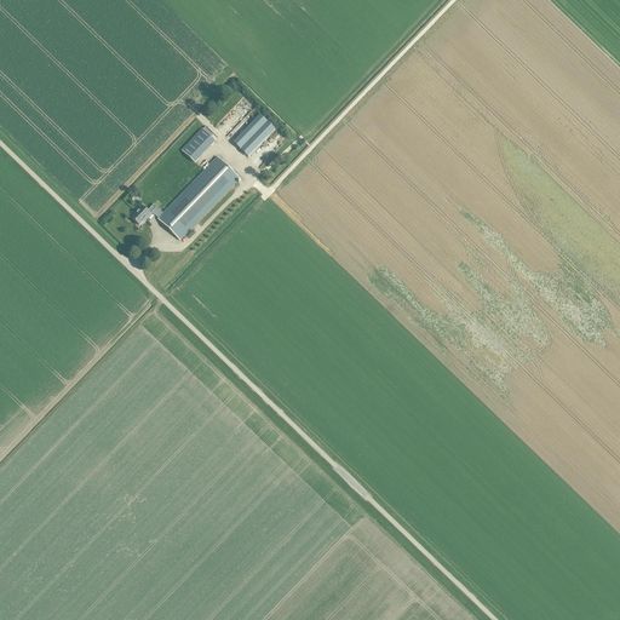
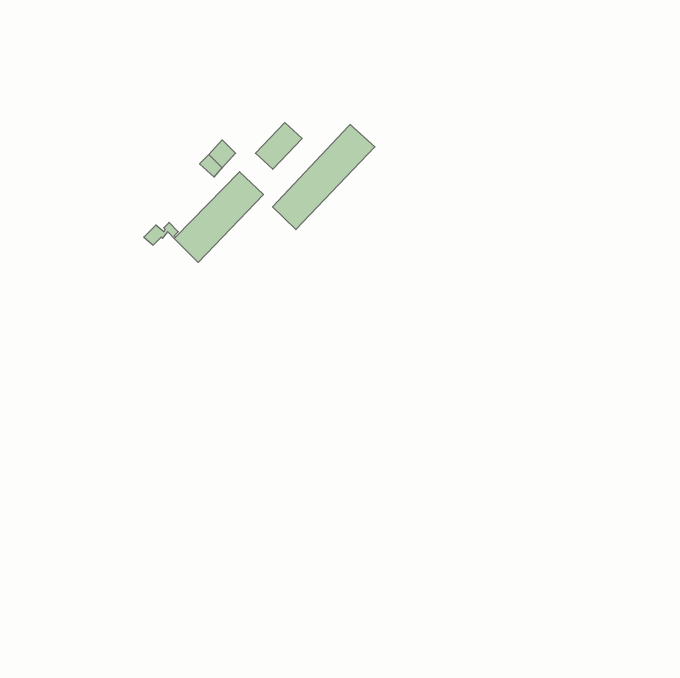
building: none -> [273,124,375,230]

